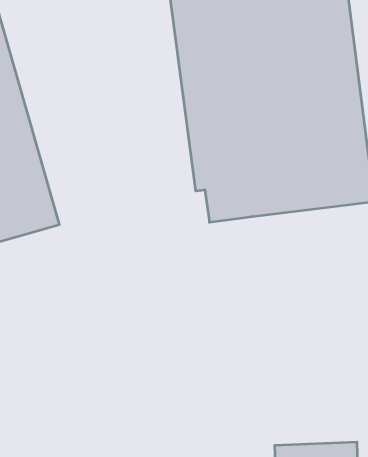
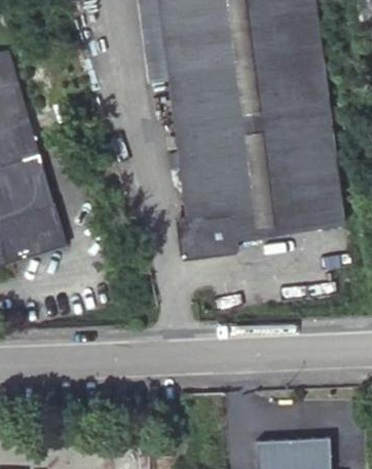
building: none -> [177,216,237,257]

